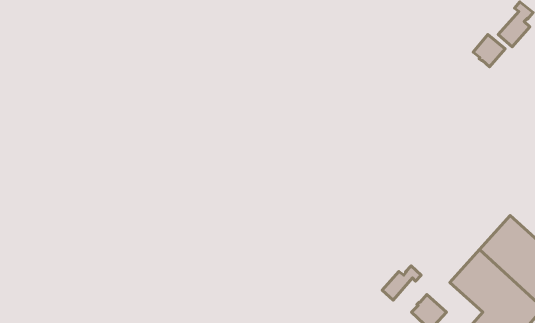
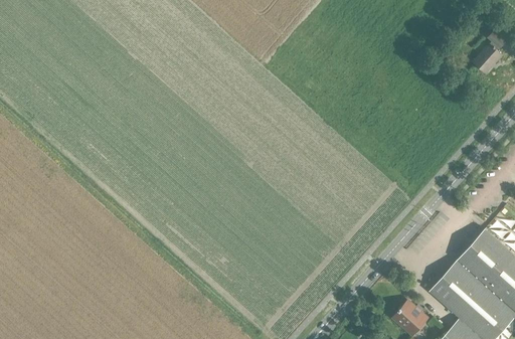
building: [473,34,505,67] -> none
building: [382,266,421,300] -> none

